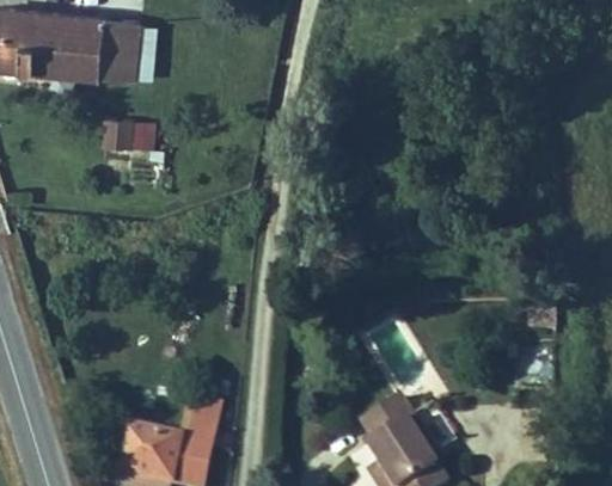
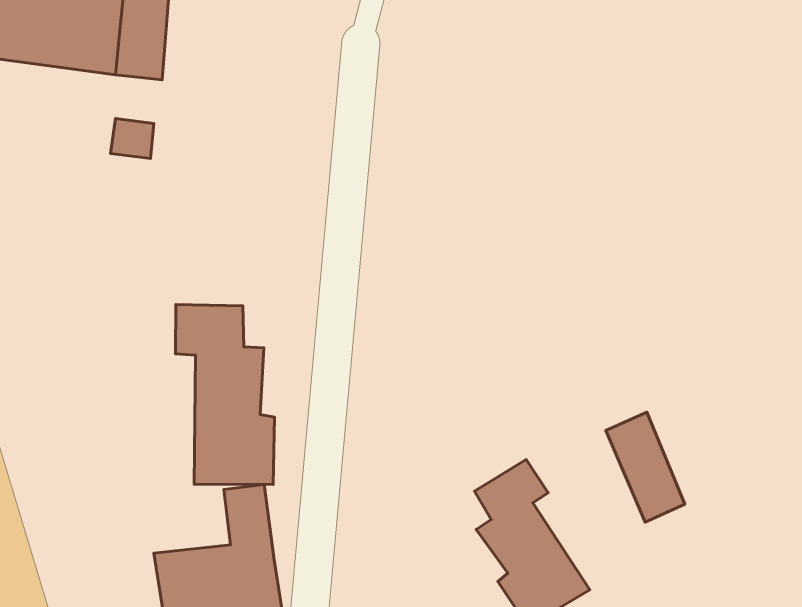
building: none -> [175,304,274,485]
building: none -> [606,412,685,522]

